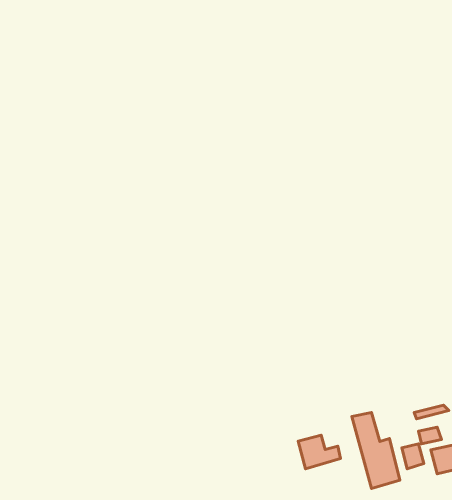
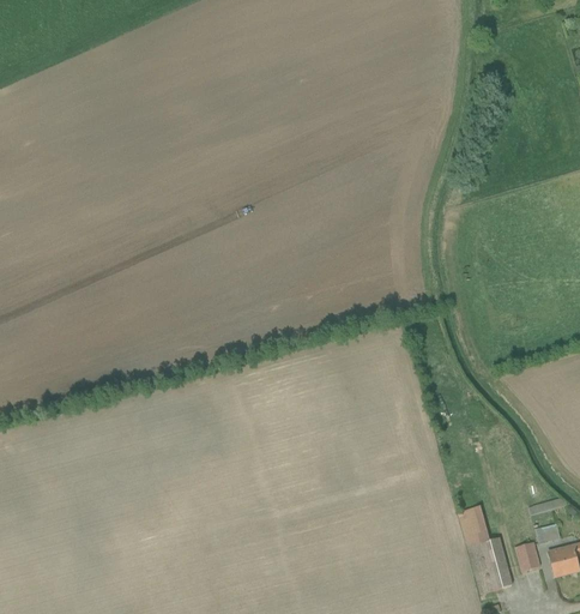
building: [298,435,341,469] -> none

